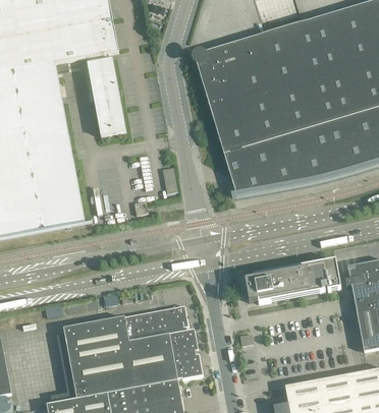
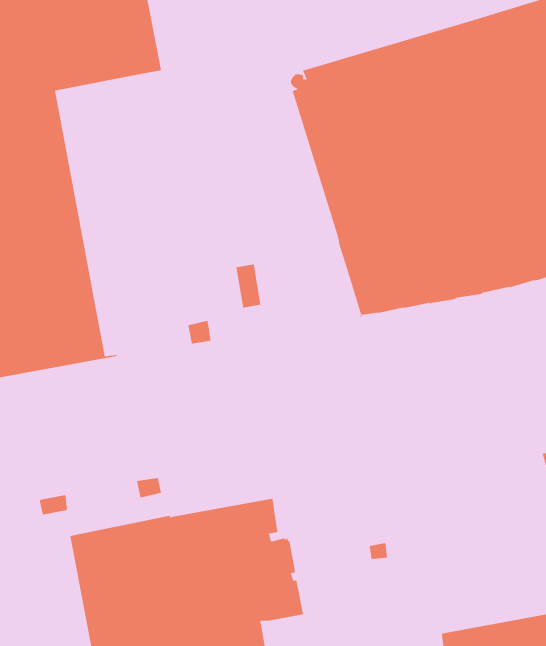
building: [86,53,125,135] -> none
building: [240,258,340,302] -> none

